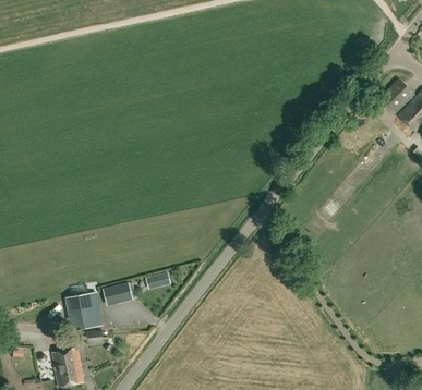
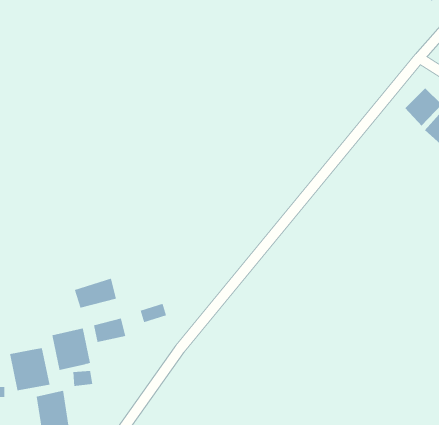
building: none -> [74,278,117,309]
building: none -> [9,347,50,391]

